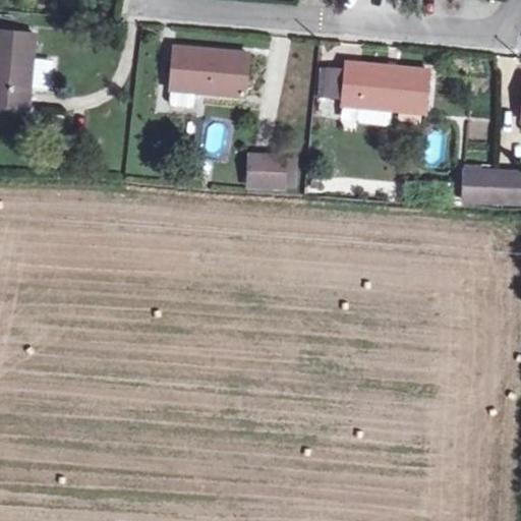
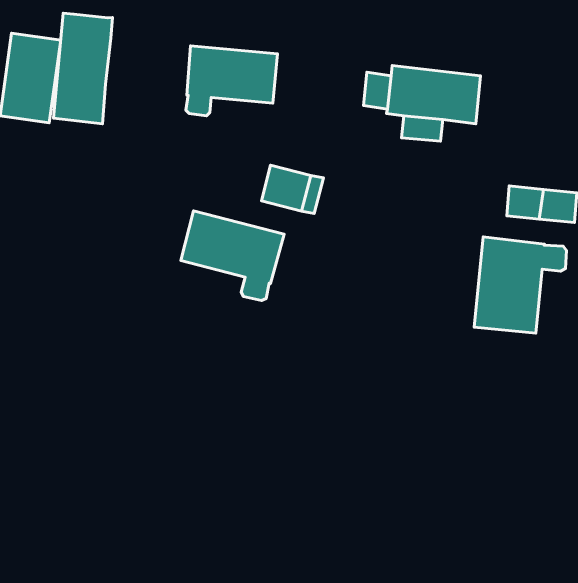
building: none -> [54,13,113,124]
building: none -> [181,211,284,301]
building: none -> [474,237,567,333]

